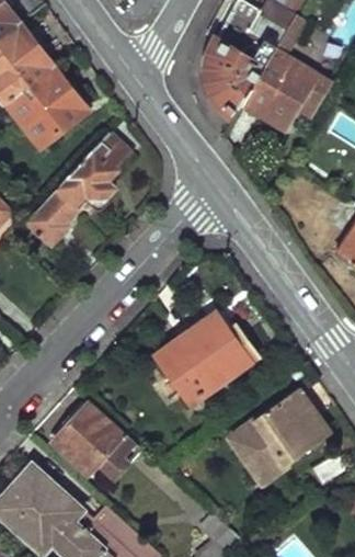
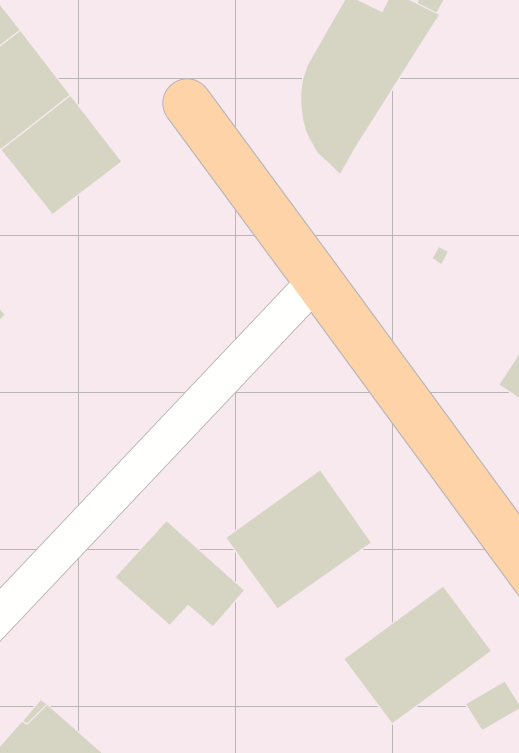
building: [239,13,329,130] -> none
building: [26,133,133,246] -> none
building: [55,403,140,474] -> [115,521,245,627]

